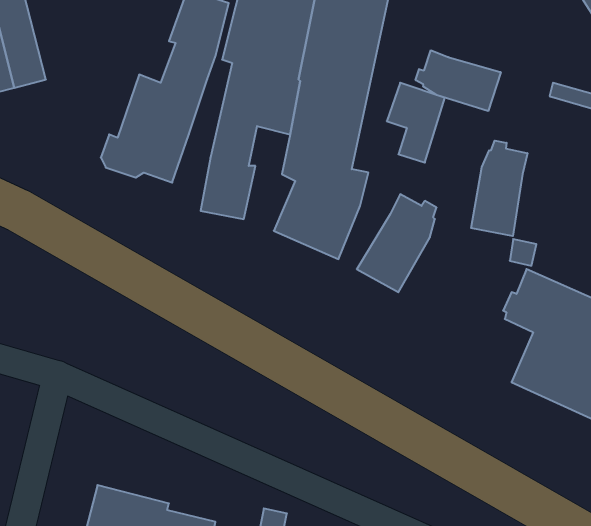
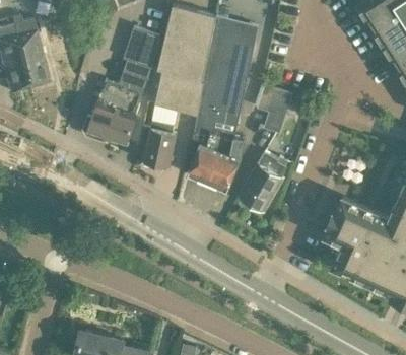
building: [416,50,501,111] -> none
building: [471,141,527,236] -> none

